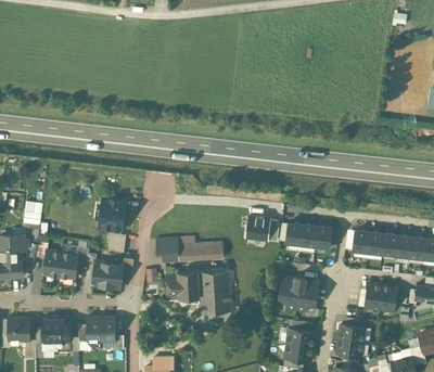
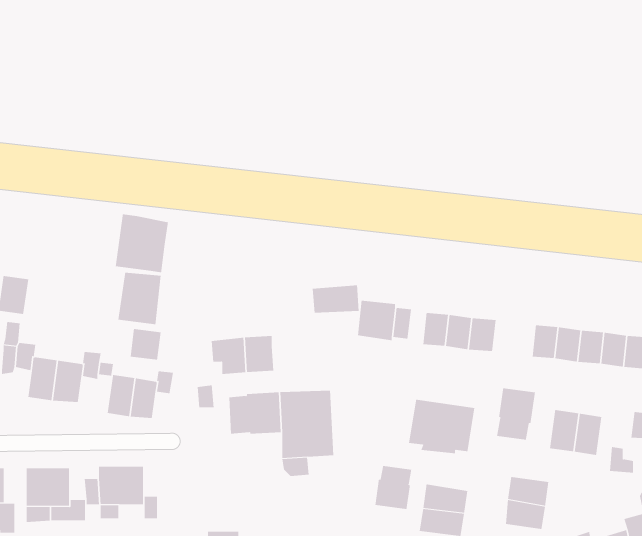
building: none -> [115,213,168,273]
building: [193,242,222,259] -> [312,285,360,313]
building: none -> [497,388,535,441]
building: none -> [375,465,412,510]

